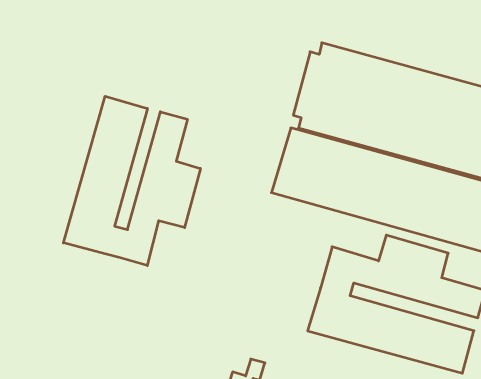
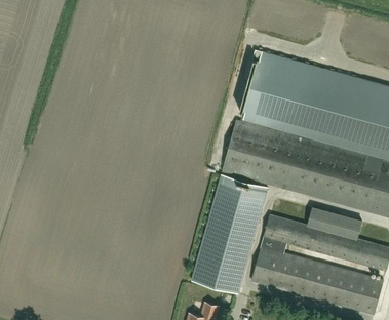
building: [63,96,200,266] -> none
building: none -> [192,173,268,293]

